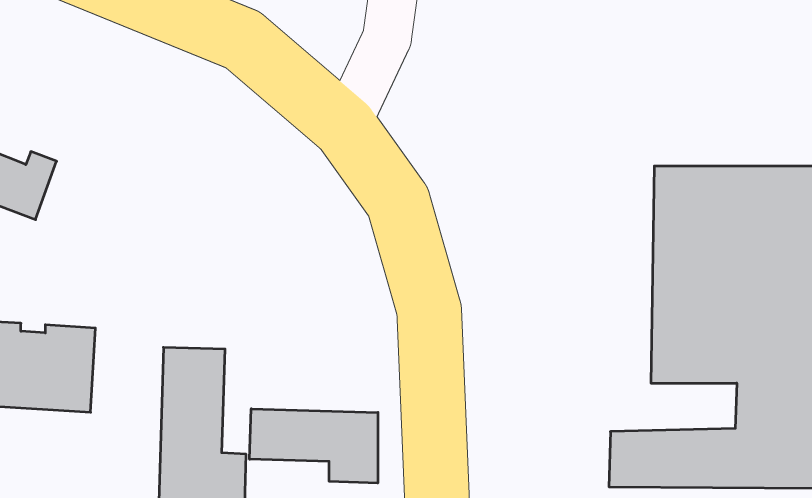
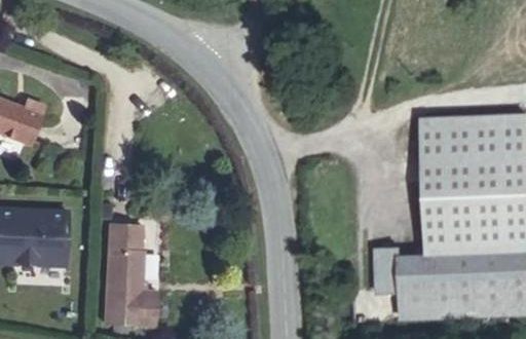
building: none -> [369,232,475,280]
building: [250,409,378,483] -> none

